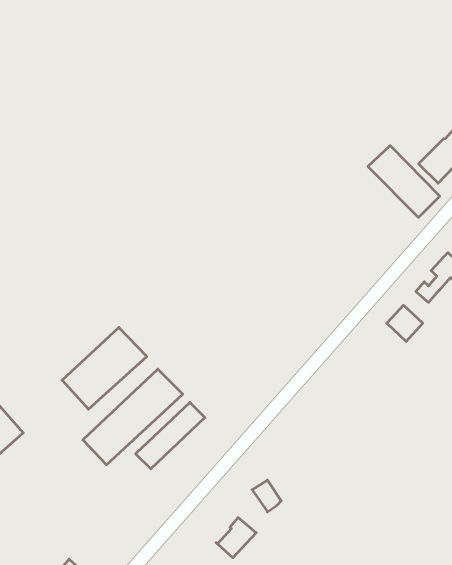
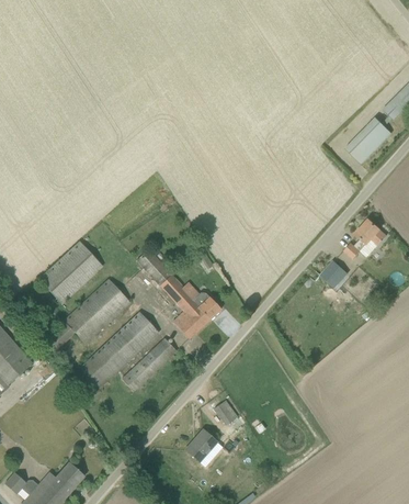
building: [368,146,440,217] -> none
building: none -> [38,239,103,303]
building: none -> [136,248,220,338]

